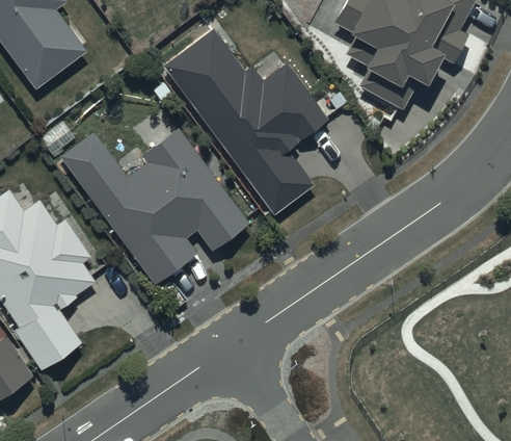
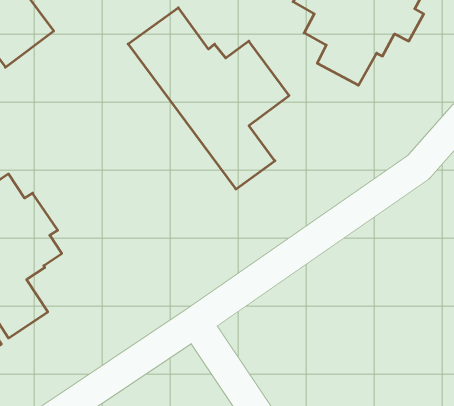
building: [60,127,248,285] -> none

